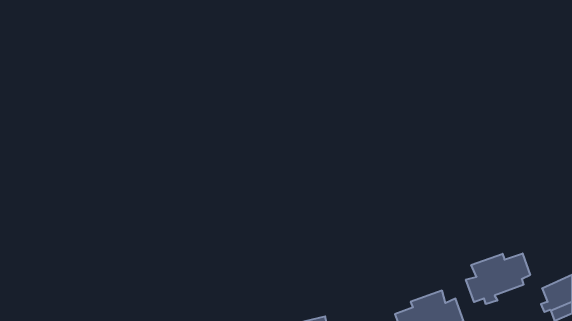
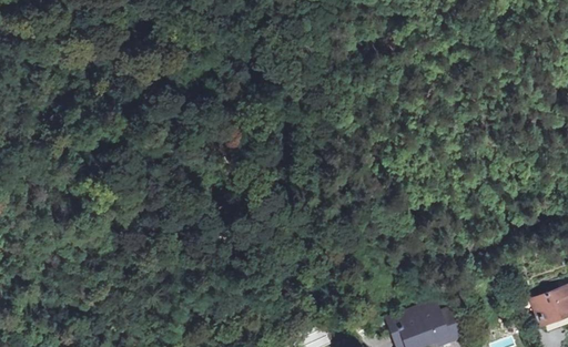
building: [466,253,530,304] -> none

